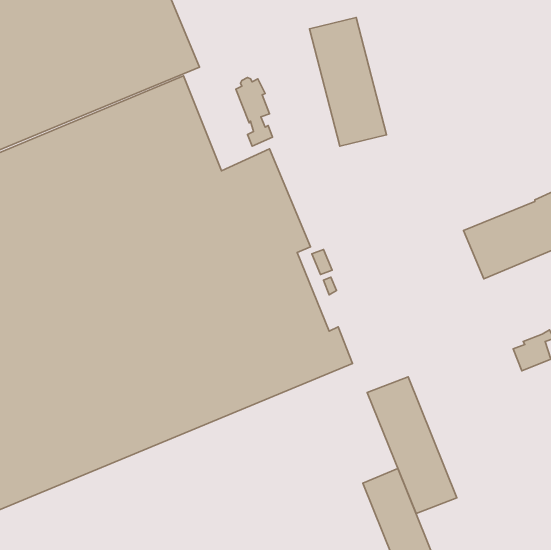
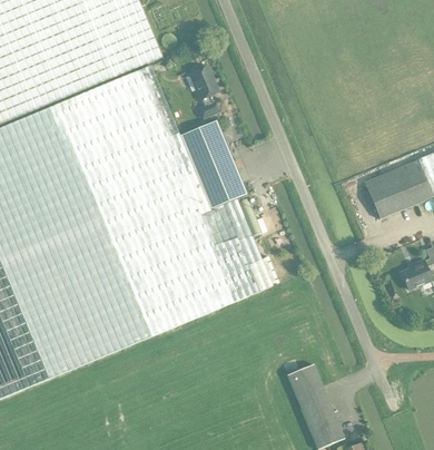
building: [310,17,386,146] -> none
building: [367,377,457,514] -> none

